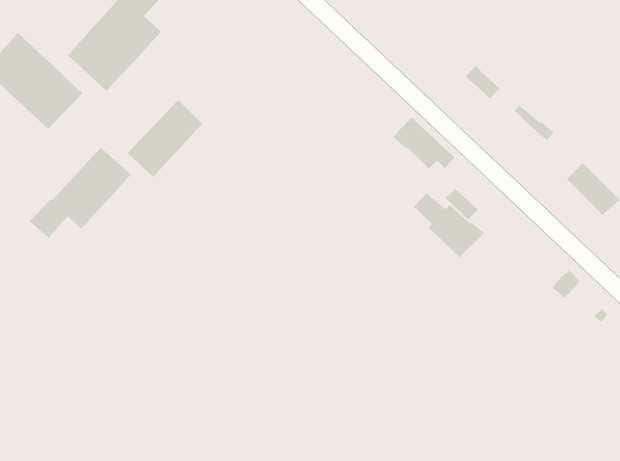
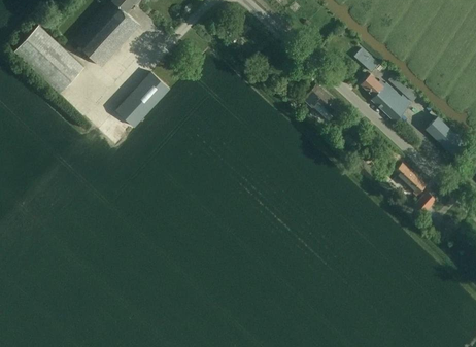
building: [29,147,131,239] -> none
building: [413,192,485,258] -> [362,75,412,122]
building: none -> [394,164,428,196]

